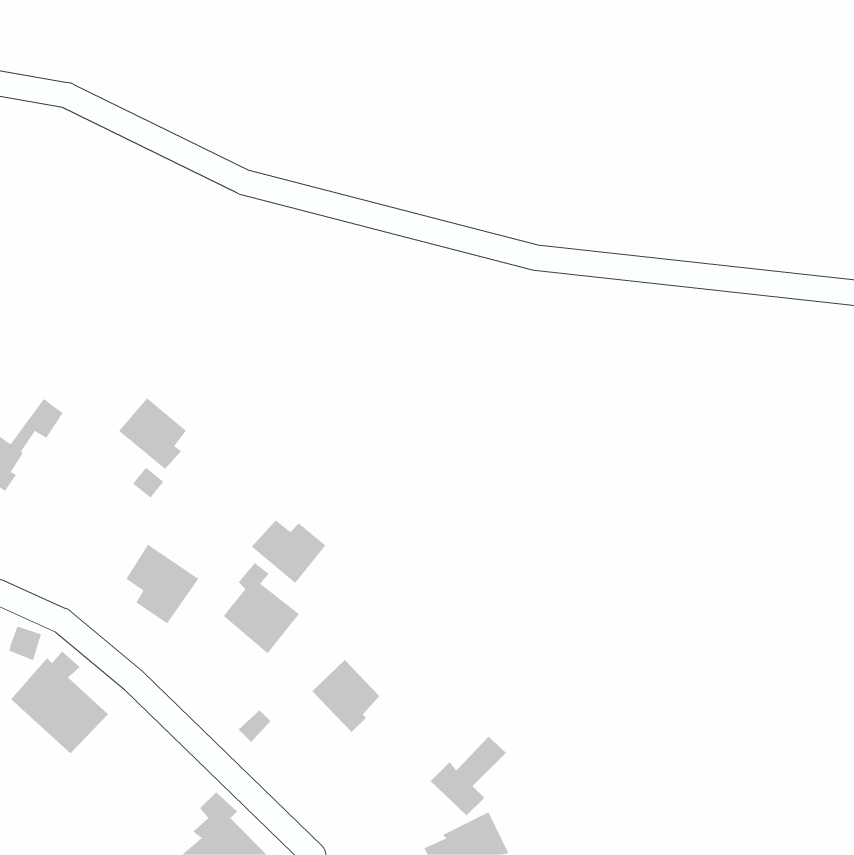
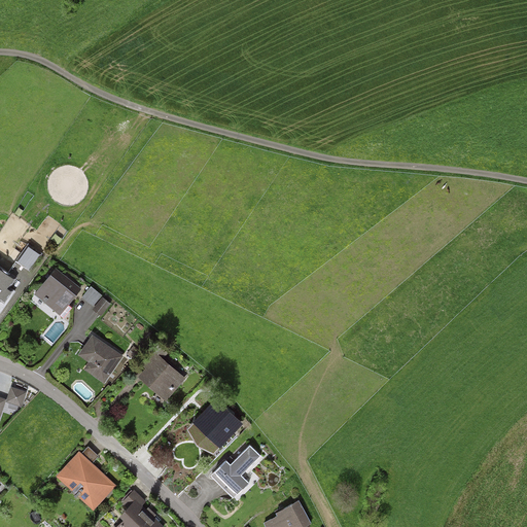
building: [118,398,187,469] -> [32,275,74,319]
building: [251,519,326,584] -> none
building: [10,651,109,754] -> [56,445,116,508]
building: [430,736,507,816] -> [213,446,260,495]

